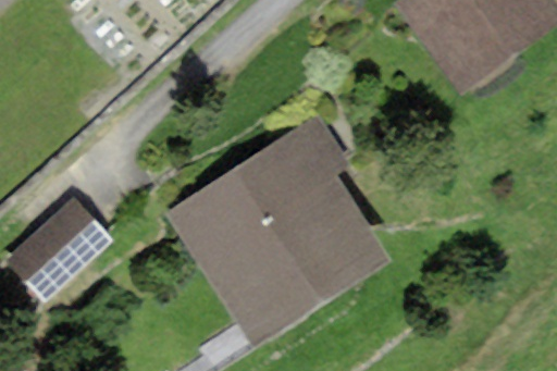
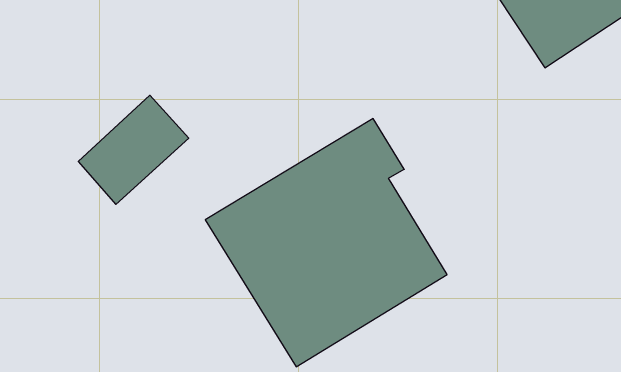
building: [14,203,107,295] -> [78,95,189,204]

